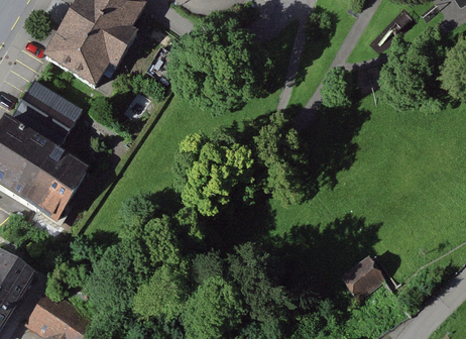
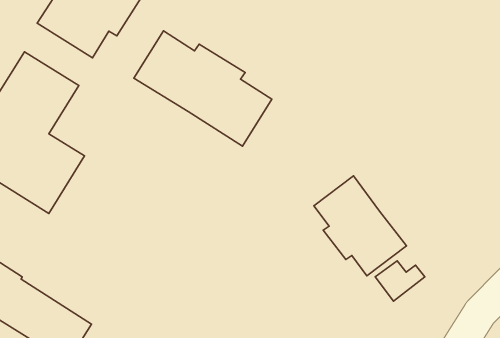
building: none -> [134,31,272,146]
building: none -> [314,176,406,276]

